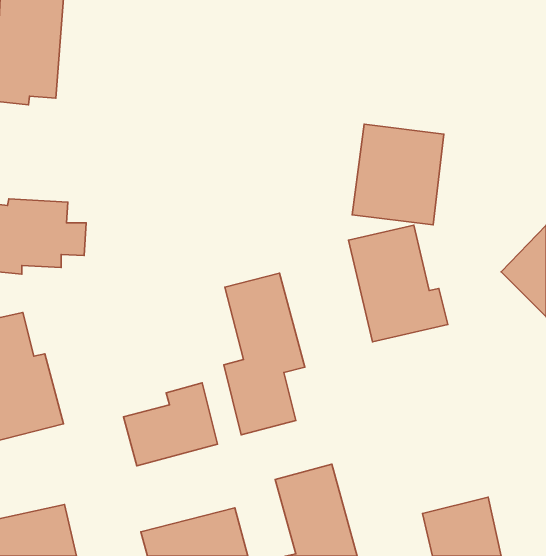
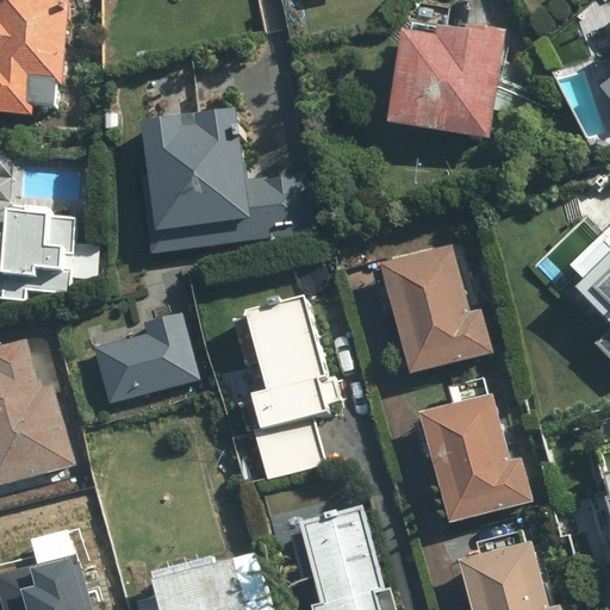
building: none -> [143,112,311,239]
building: [352,124,444,225] -> [396,29,496,138]
building: none -> [423,396,531,523]
building: [124,383,217,466] -> [92,311,194,402]

